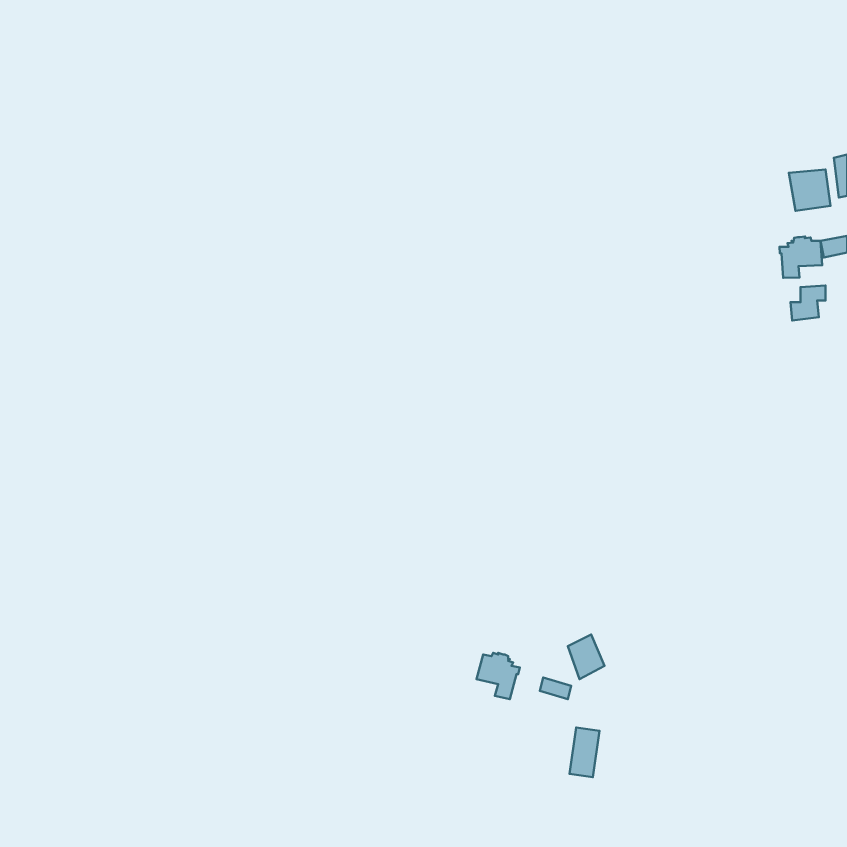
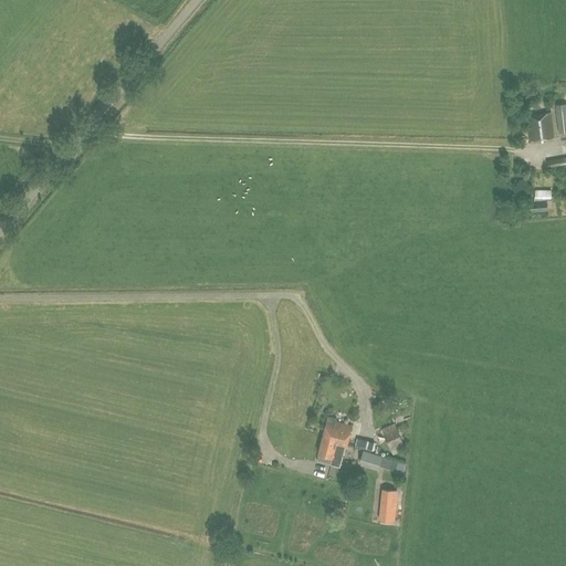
building: [779,237,822,278] -> none
building: none -> [322,416,352,446]

